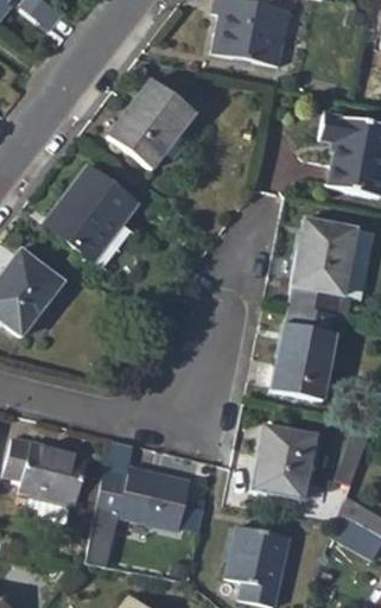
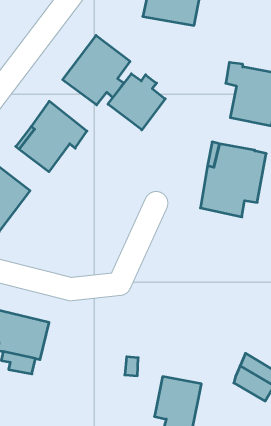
building: none -> [108,74,165,130]
building: [272,304,349,401] -> none
building: [253,425,315,498] -> none
building: [87,467,191,565] -> none

